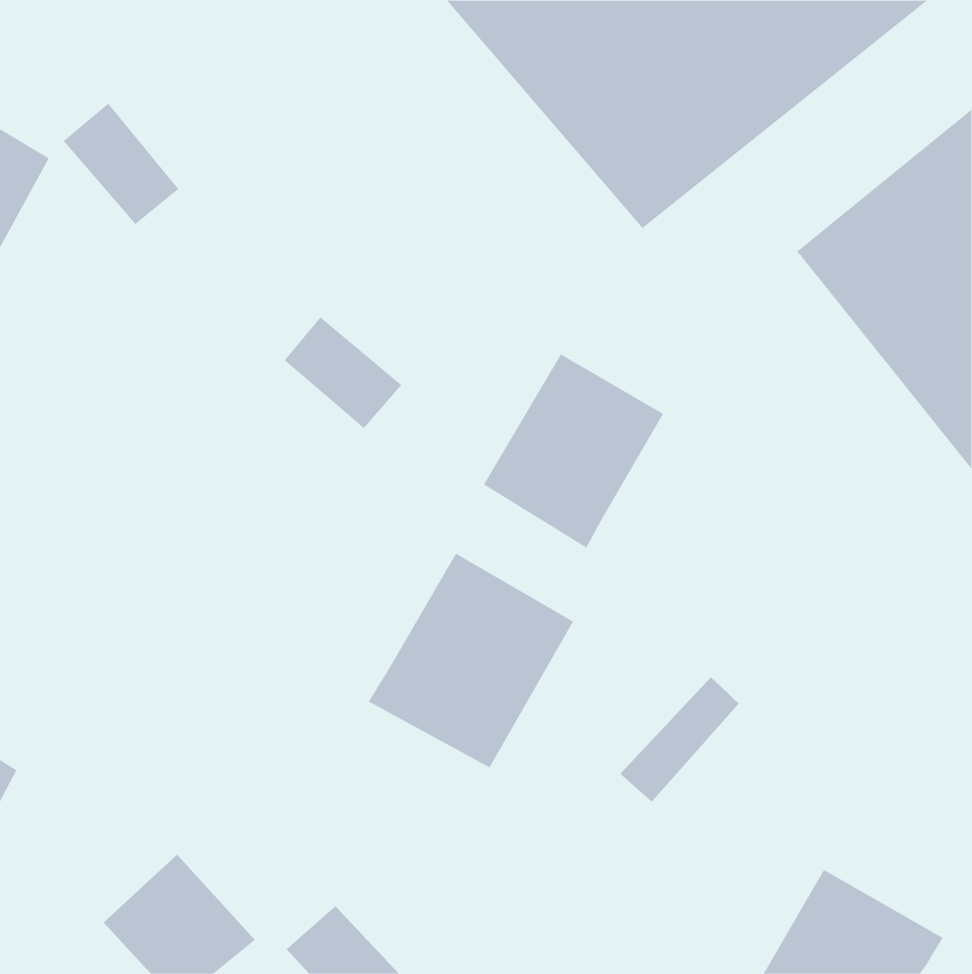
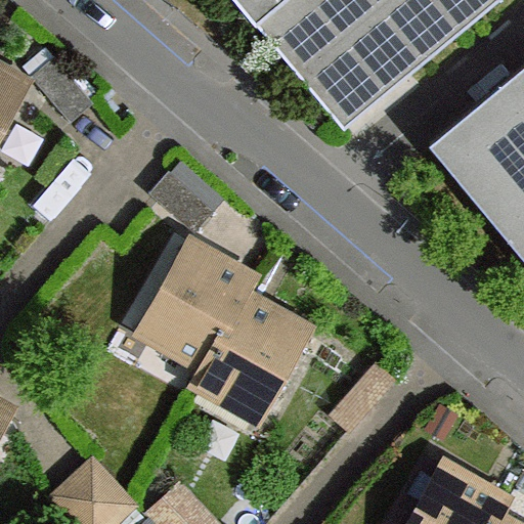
building: [483,354,664,549] -> none
building: none -> [143,245,254,360]

